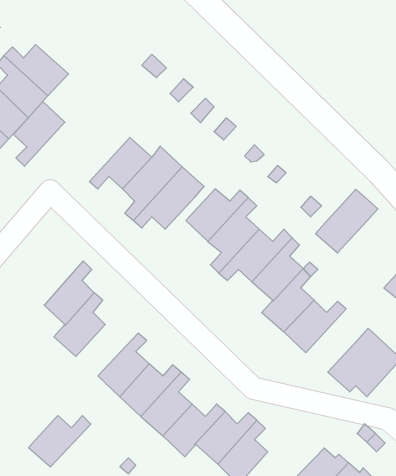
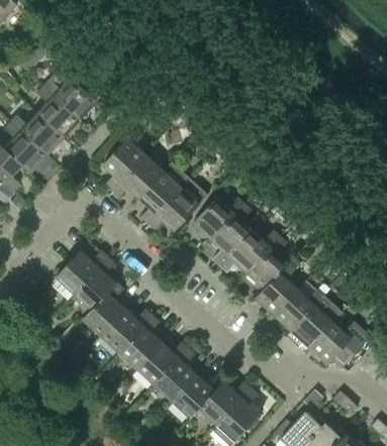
building: [14,101,65,166] -> [103,138,146,192]
building: [316,189,378,253] -> [291,297,343,349]
building: none -> [56,250,107,294]
building: [29,416,91,467] -> [101,310,153,352]

